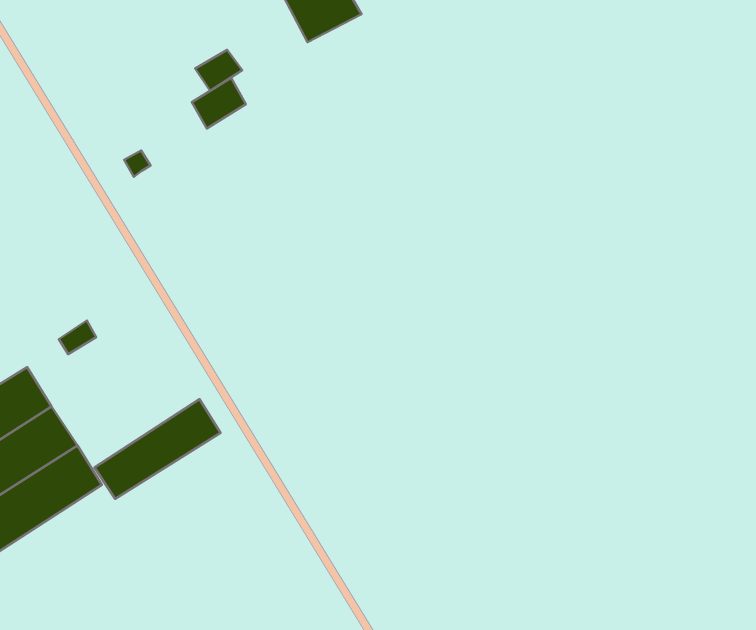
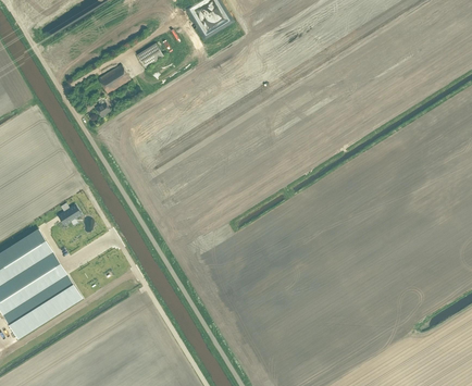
building: [192,78,246,128] -> [98,64,129,94]
building: [95,399,221,499] -> none

